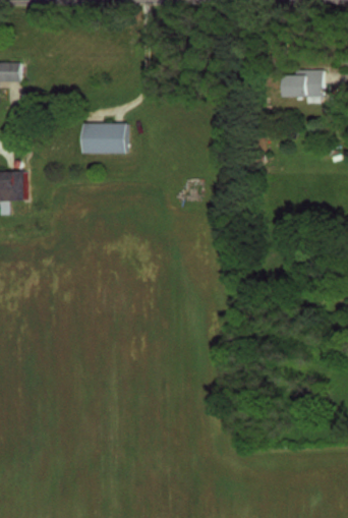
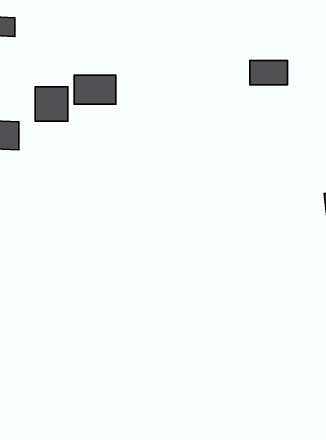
building: [282,71,322,97] -> [250,61,288,85]
building: none -> [35,87,68,121]

